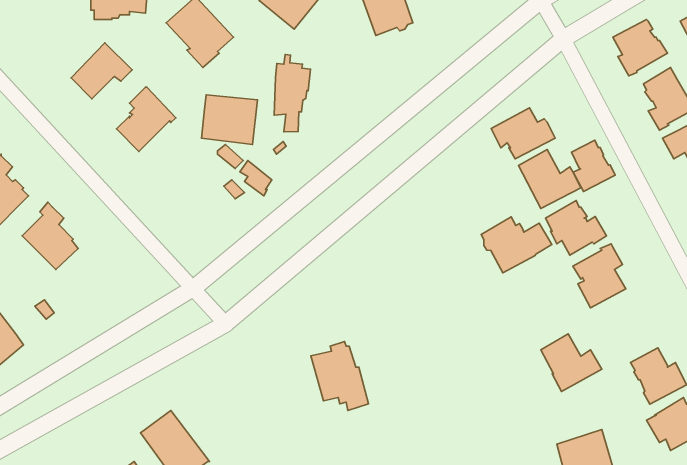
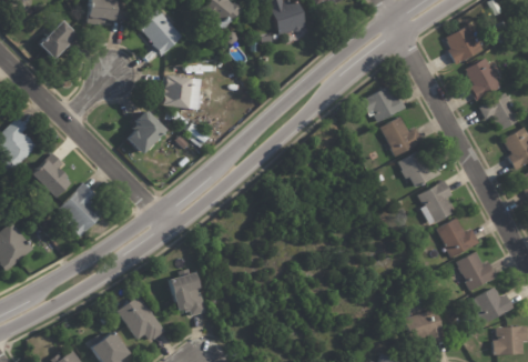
building: [71,43,132,99] -> [37,20,79,59]
building: [274,54,310,132] -> none
building: [117,87,176,151] -> [122,109,163,153]
building: [571,140,615,191] -> none
building: [481,217,552,273] -> none
building: none -> [61,183,108,239]
building: [541,334,602,392] -> [435,218,477,258]
building: [311,341,368,410] -> [167,270,207,318]

